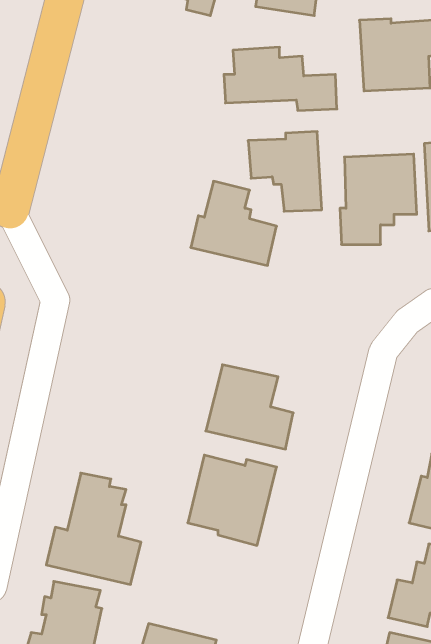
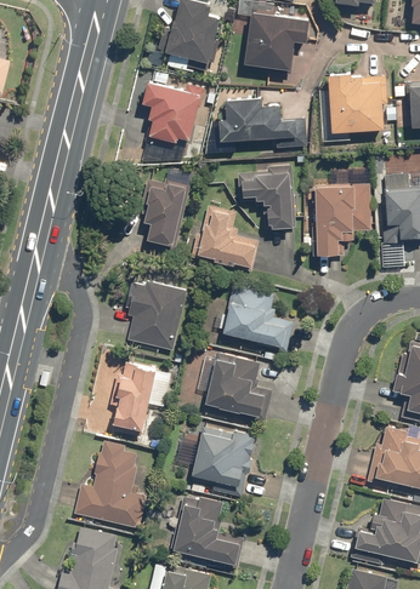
building: none -> [142,81,203,149]
building: none -> [142,178,192,255]
building: none -> [125,280,188,350]
building: none -> [222,285,295,353]
building: none -> [110,362,157,438]
building: none -> [170,492,245,570]

